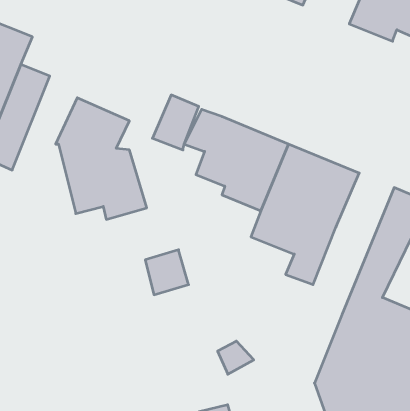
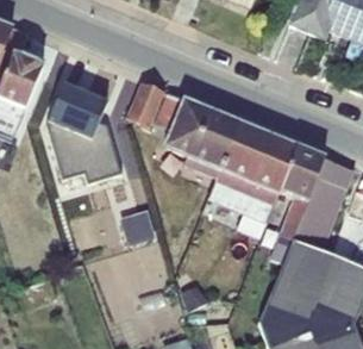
building: none -> [270,145,326,262]

